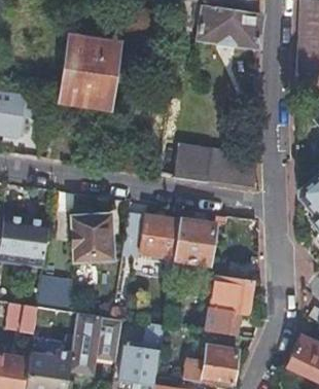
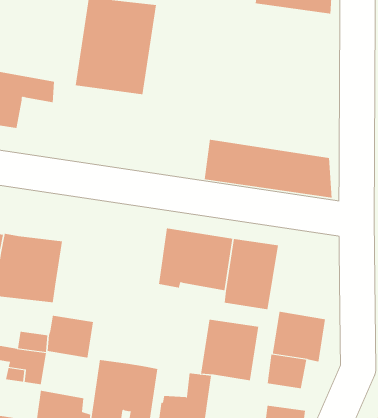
building: [74,212,115,259] -> none
building: none -> [201,319,259,381]

